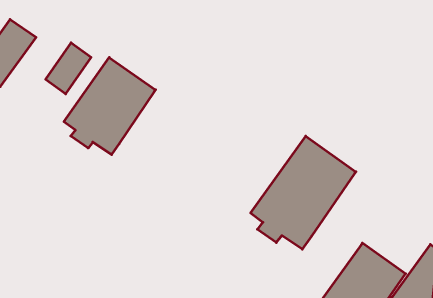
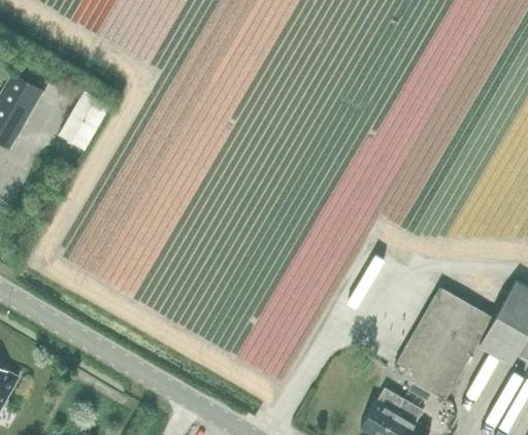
building: [64,57,156,155] -> none
building: [251,136,356,249] -> none

